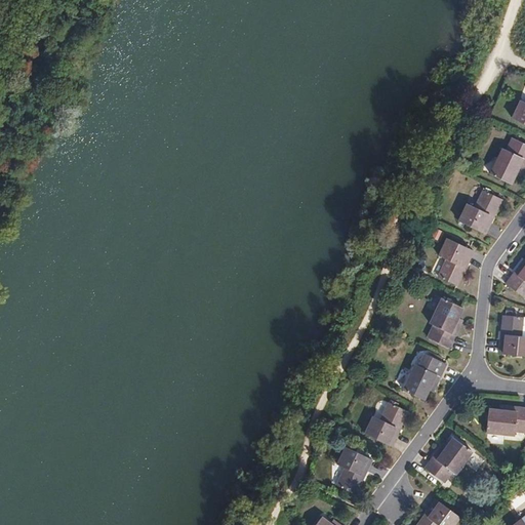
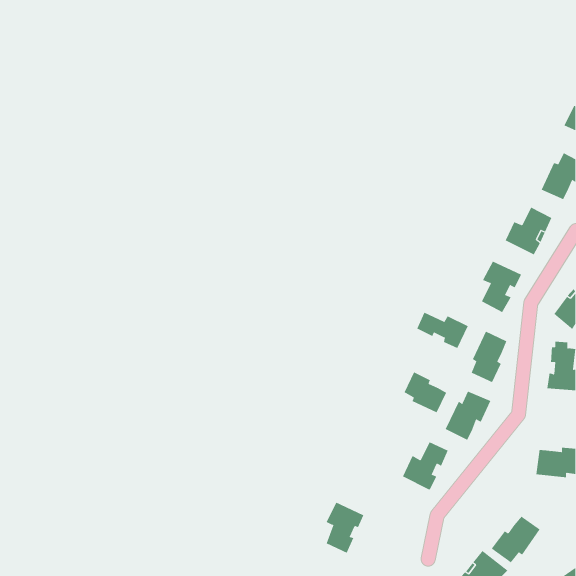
building: none -> [417,312,468,349]
building: none -> [404,372,447,413]
building: [425,439,470,482] -> [491,516,540,563]
building: [336,446,371,493] -> [326,502,364,554]

